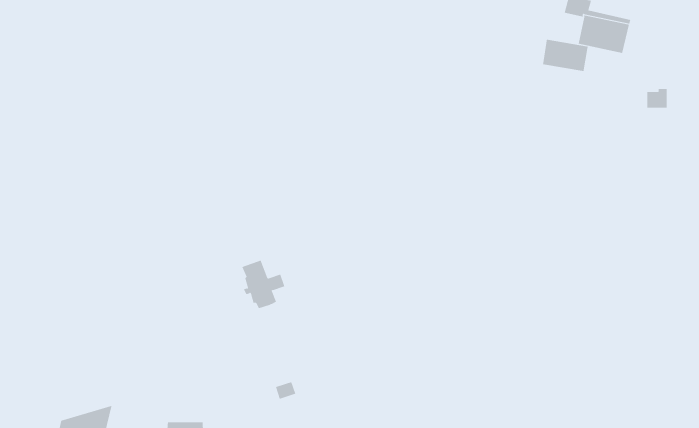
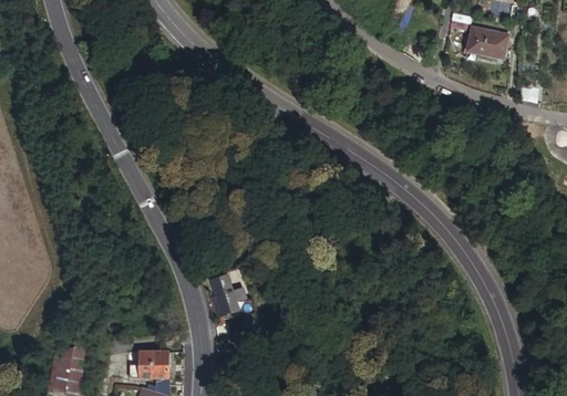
building: [542,39,589,72] -> none
building: [242,260,285,309] -> [207,274,241,313]

